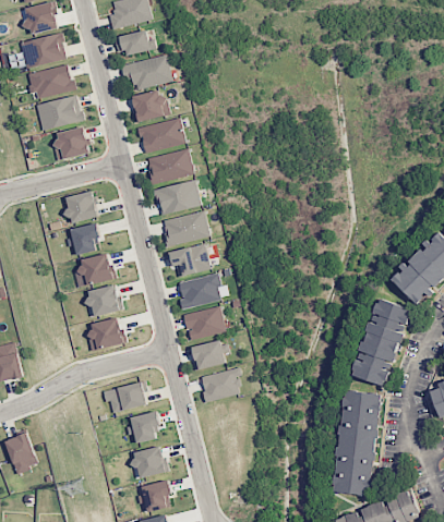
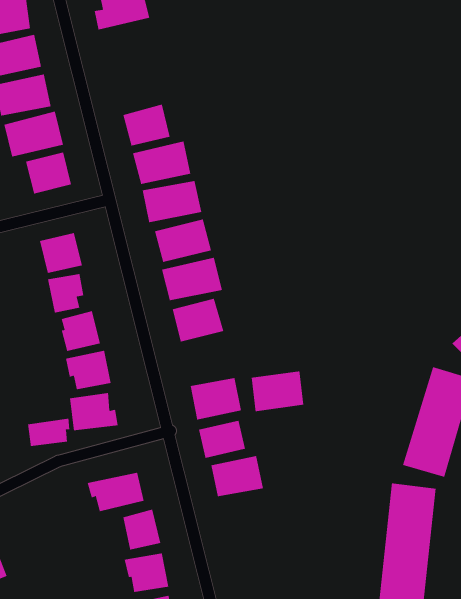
building: [113,29,154,56] -> none
building: [120,54,172,89] -> none
building: [178,275,220,307] -> [251,371,304,412]
building: none -> [27,418,70,447]

